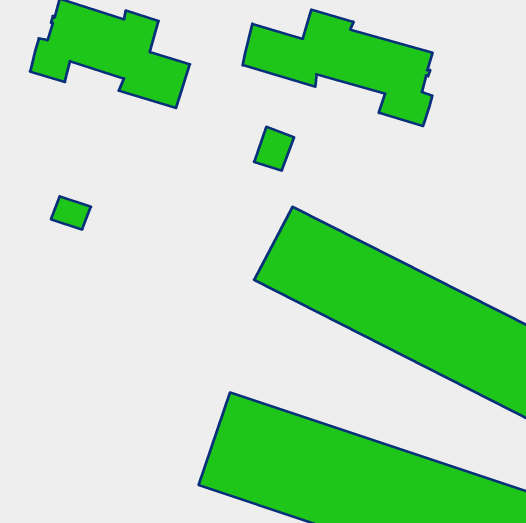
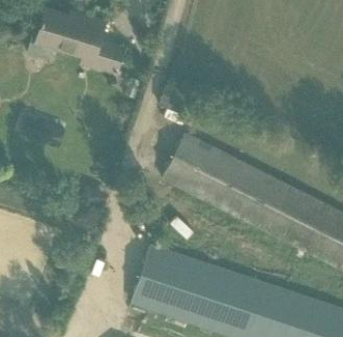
building: [243,10,432,126] -> none

